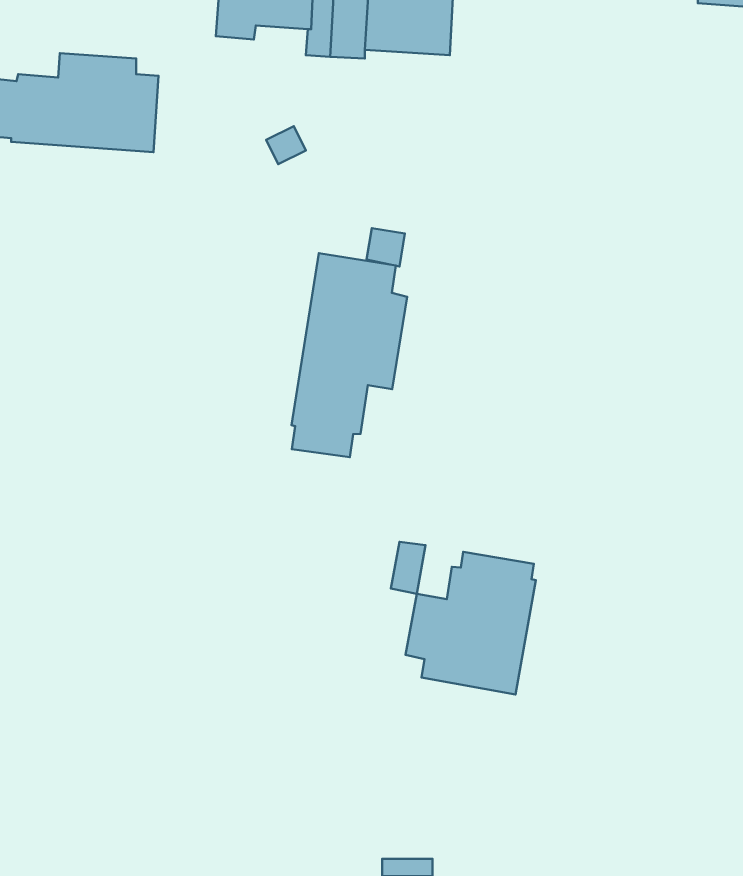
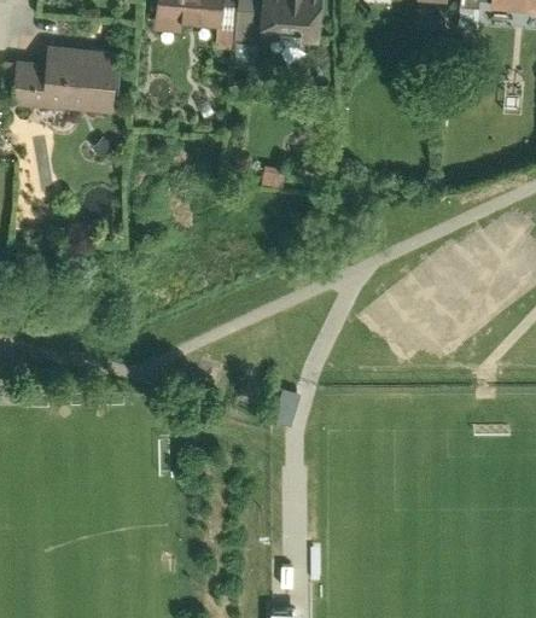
building: [292,253,407,457] -> none
building: [406,552,536,695] -> none

